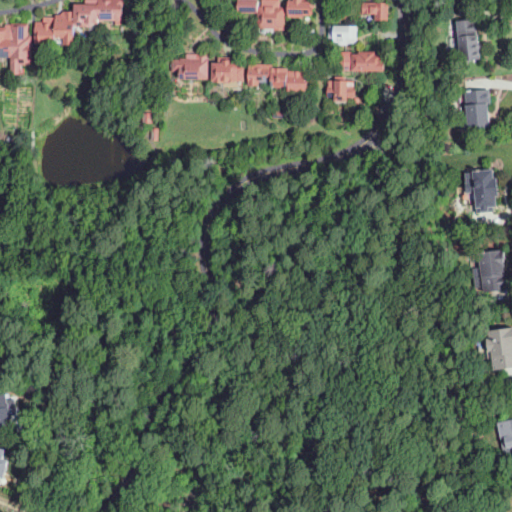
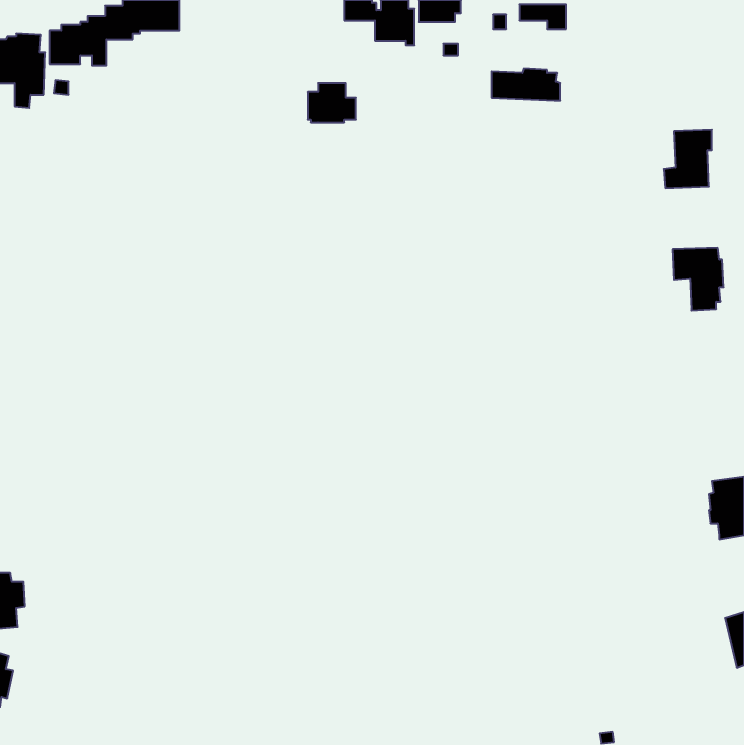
building: [456,19,480,62] -> none
building: [328,25,356,45] -> none
building: [171,52,208,79] -> none
building: [248,64,307,91] -> none
building: [326,76,355,98] -> none
building: [472,249,506,293] -> none

